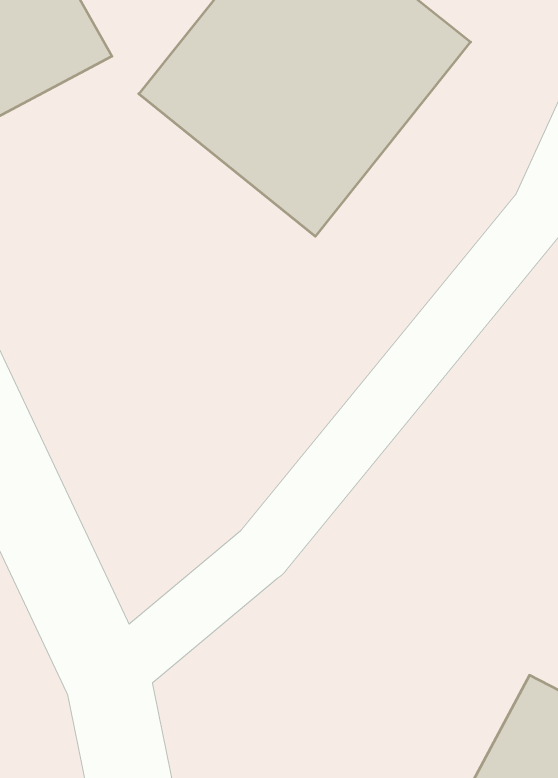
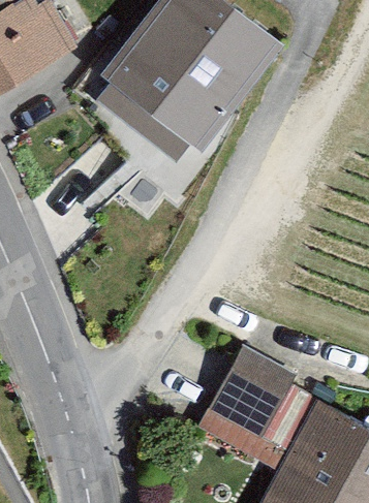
building: none -> [198,351,304,463]

